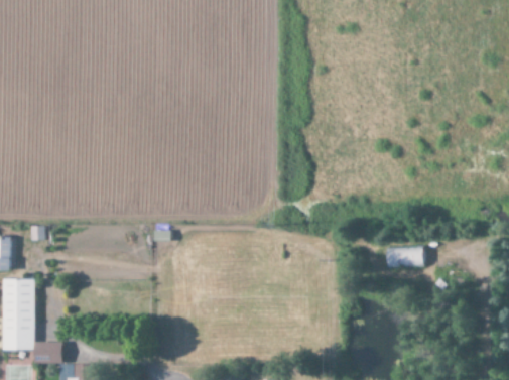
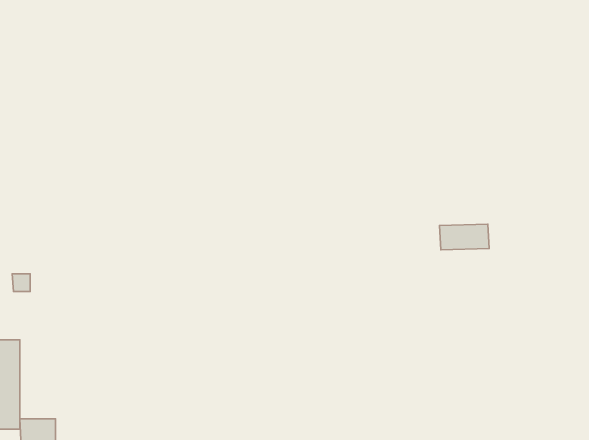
building: [383,247,422,267] -> [440,224,489,250]

